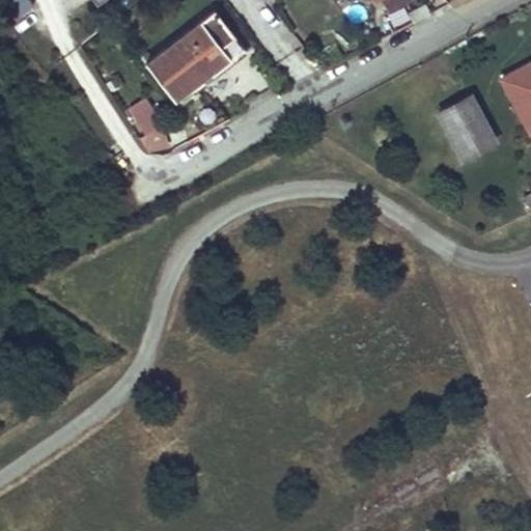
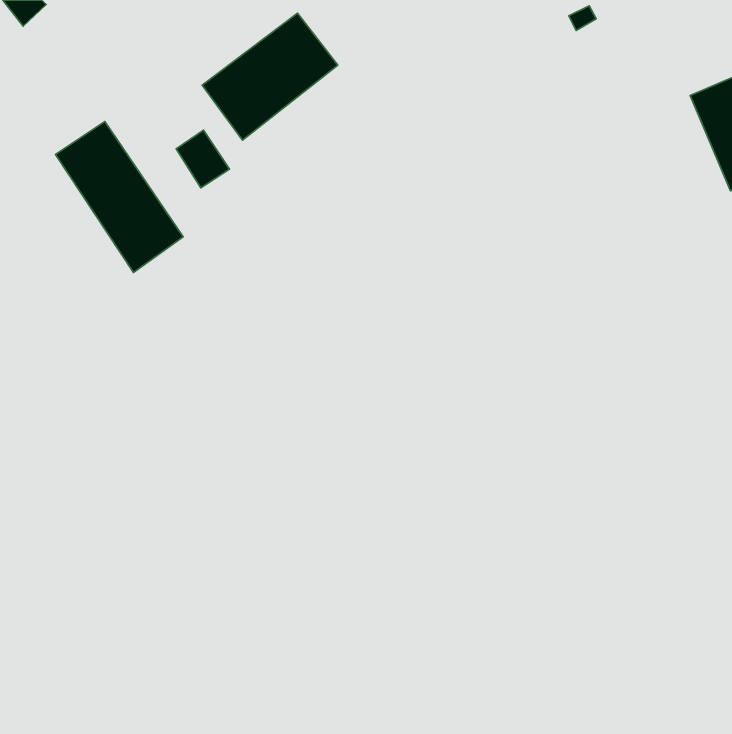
building: none -> [56,122,183,273]
building: [442,100,494,159] -> none

